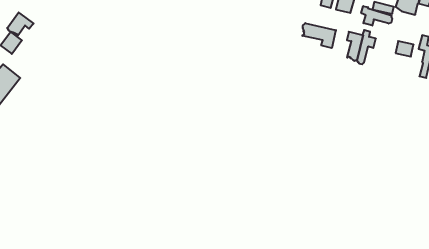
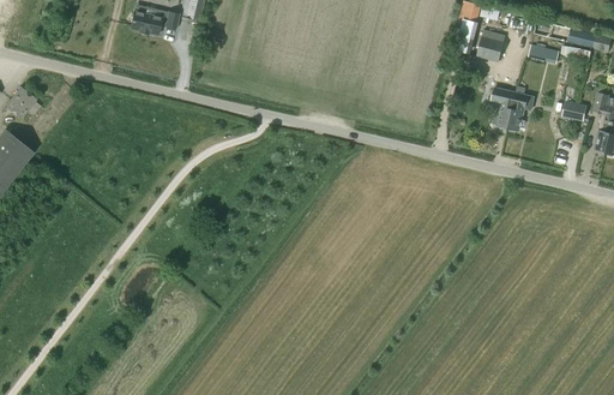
building: [361,6,392,26] -> none
building: [7,12,34,36] -> none
building: [302,23,336,48] -> none

